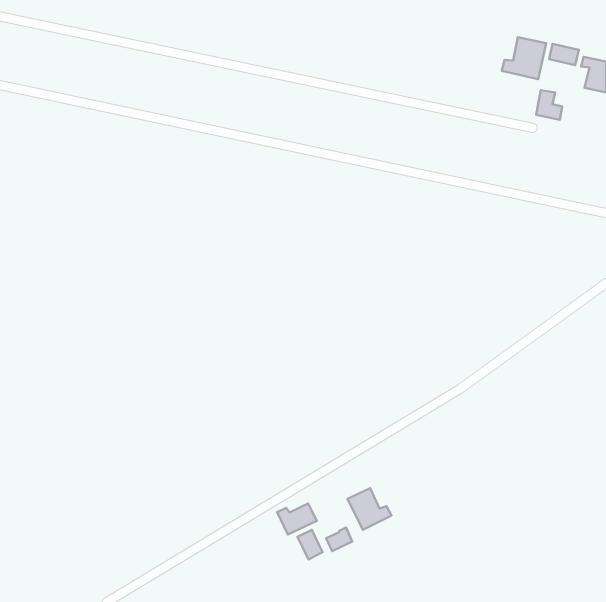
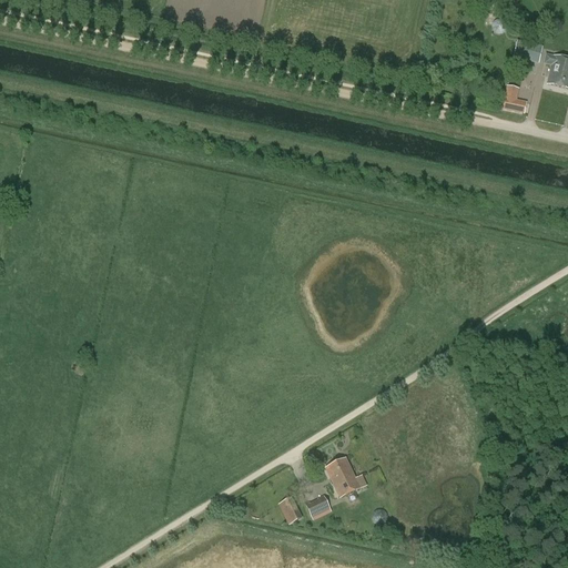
building: [502,37,546,79] -> none
building: [277,503,317,534] -> none

